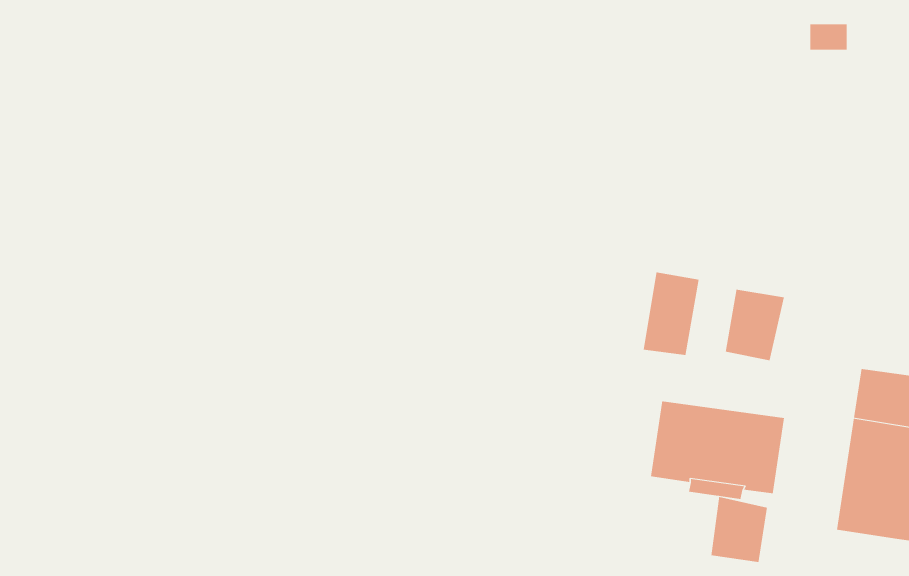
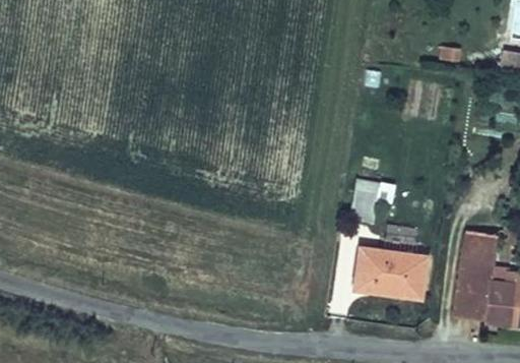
building: [725,289,785,361] -> none
building: [711,496,768,563] -> none

